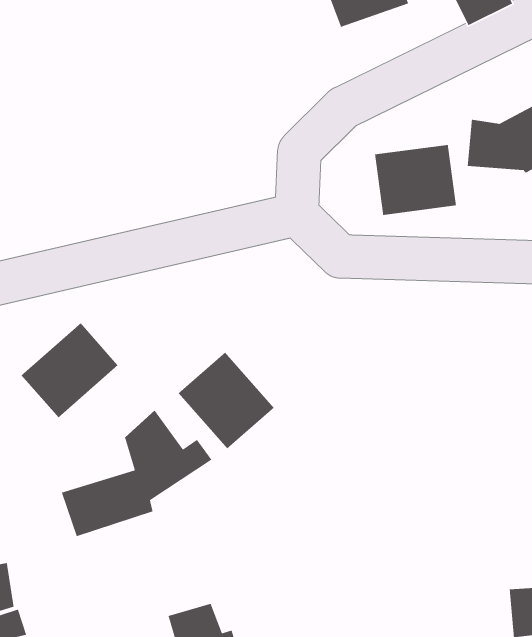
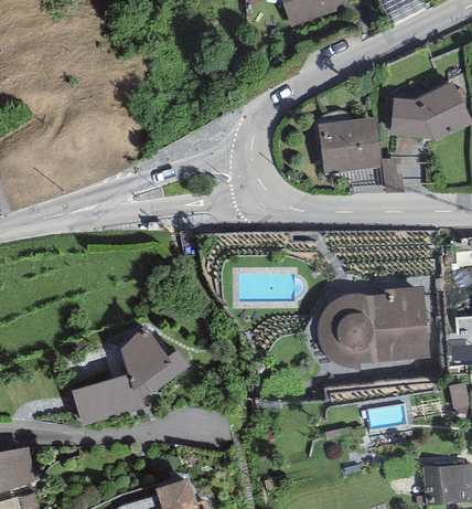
building: [21,322,119,418] -> none
building: [178,352,275,450] -> none
building: none -> [317,286,429,369]

